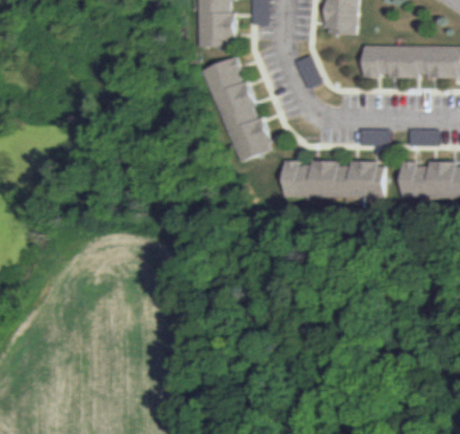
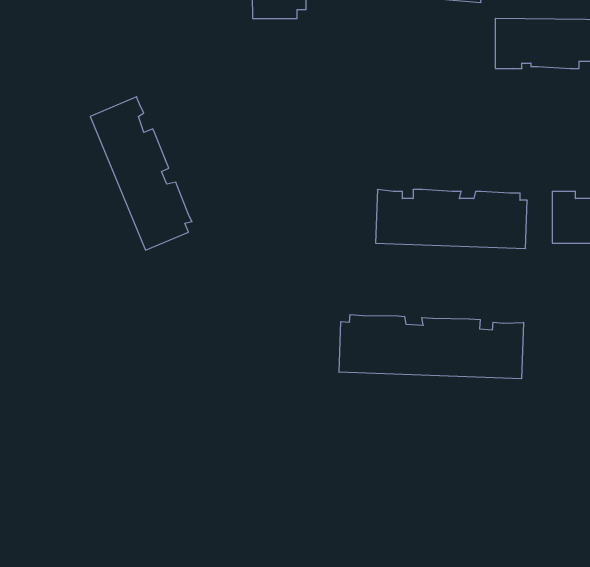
building: [204,60,272,162] -> [90,97,192,250]
building: none -> [339,315,524,379]

